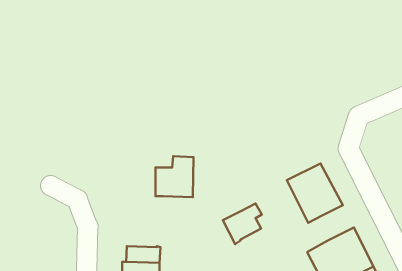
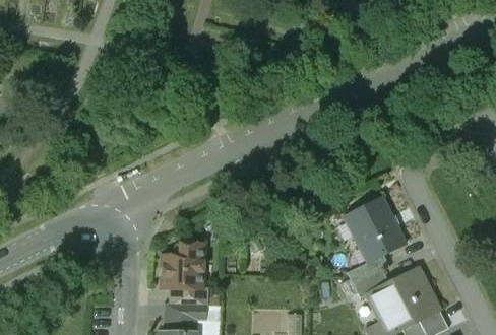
building: [156,156,194,197] -> [162,243,203,287]
building: [223,203,262,244] -> [348,253,390,297]

